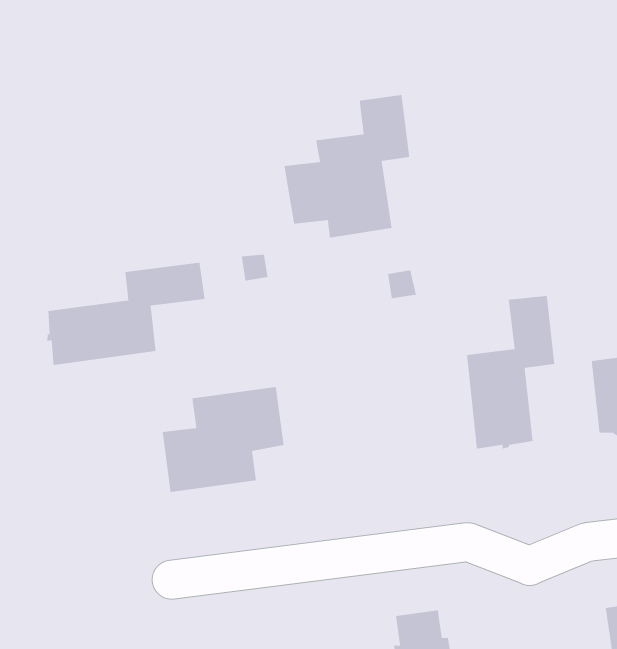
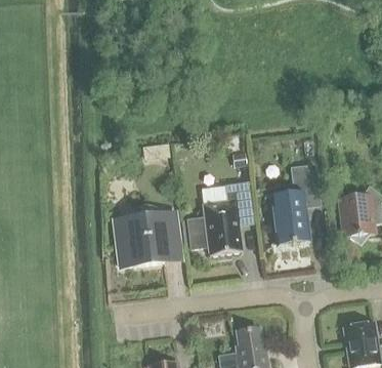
building: [284,94,410,238] -> [186,180,252,255]
building: [47,262,206,366] -> none

